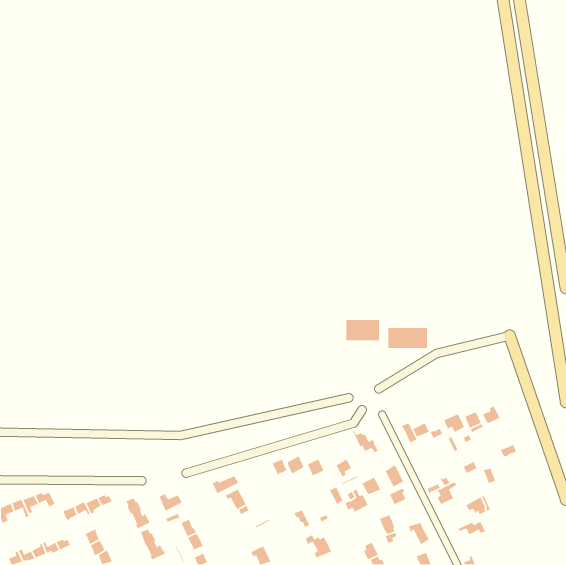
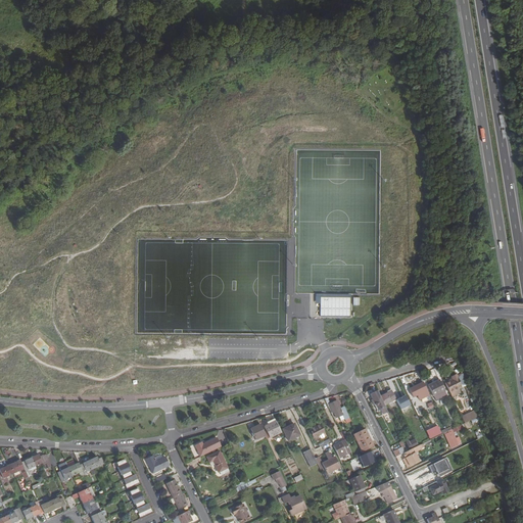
building: [387,327,428,349] -> none

